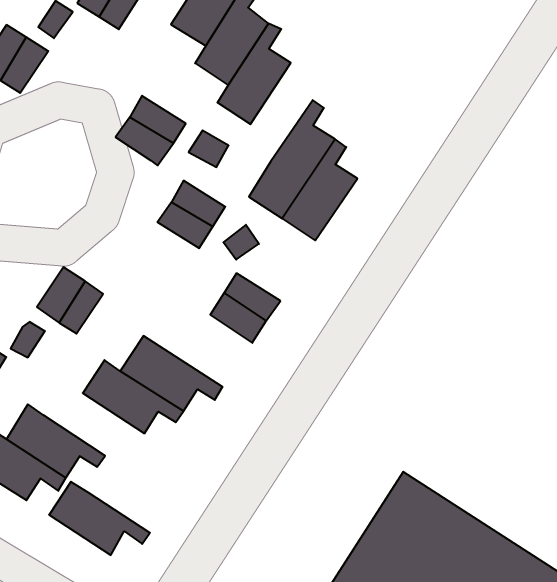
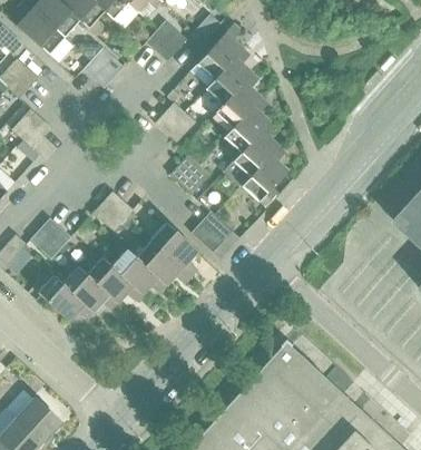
building: none -> [224,98,270,153]
building: none -> [150,224,197,276]
building: [49,482,150,555] -> [86,258,141,304]

